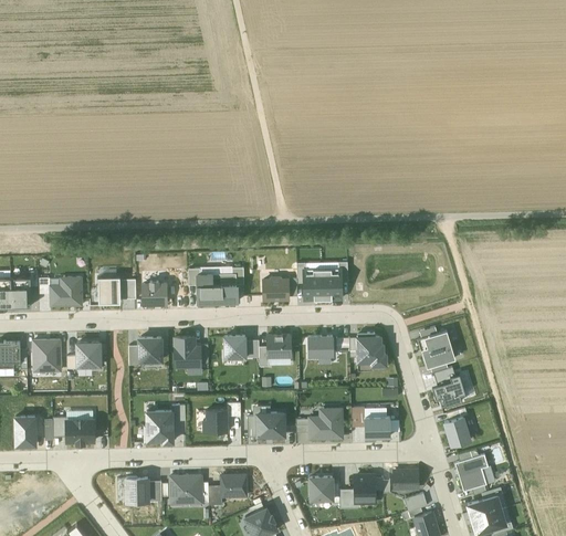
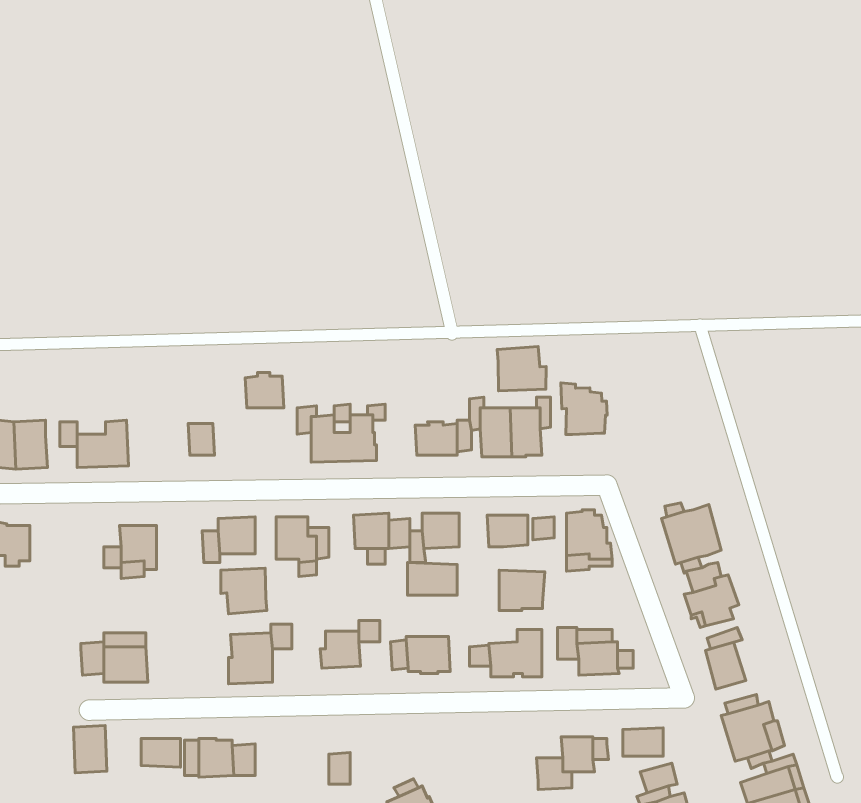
building: none -> [497,346,546,391]
building: none -> [561,383,607,435]
building: [97,277,120,304] -> none
building: [143,282,167,304] -> [245,373,284,408]
building: [33,341,60,372] -> none
building: none -> [407,562,457,595]
building: none -> [221,568,267,614]
building: none -> [499,570,545,610]
building: [14,417,35,446] -> [73,725,107,773]
building: [221,475,245,496] -> none
building: [170,476,201,503] -> none
building: none -> [141,738,181,767]
building: [310,477,333,500] -> none

